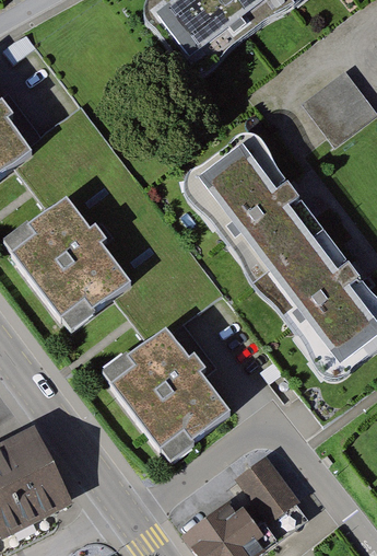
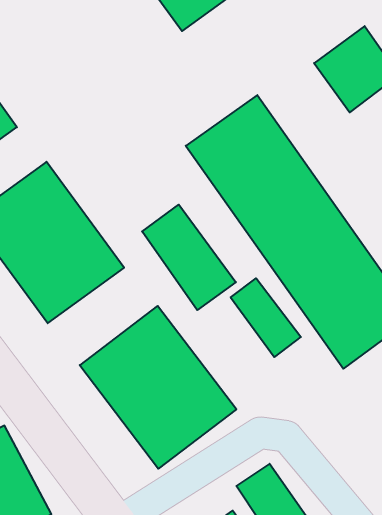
building: none -> [142,205,236,310]
building: none -> [231,278,301,357]

